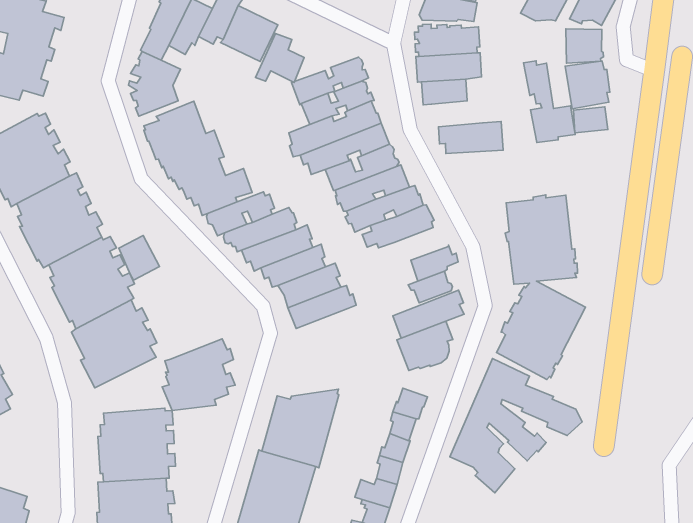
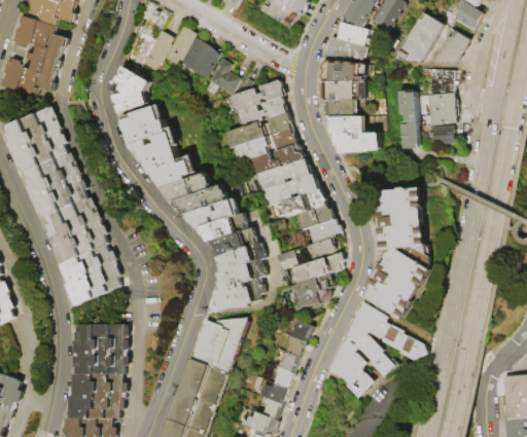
building: none -> [328,115,364,133]
building: none -> [293,204,335,229]
building: [119,236,159,280] -> none
building: [162,339,235,411] -> [214,259,267,308]

